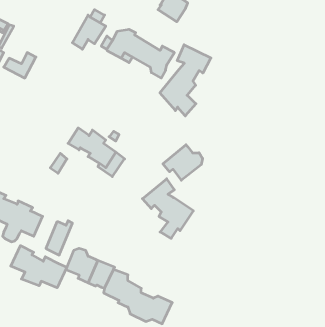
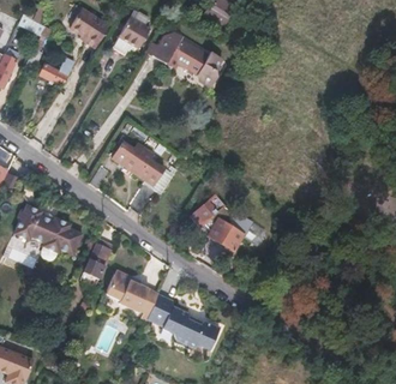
building: none -> [70,8,109,47]
building: [160,45,211,116] -> none
building: [163,145,203,180] -> none
building: [11,246,67,288] -> none

